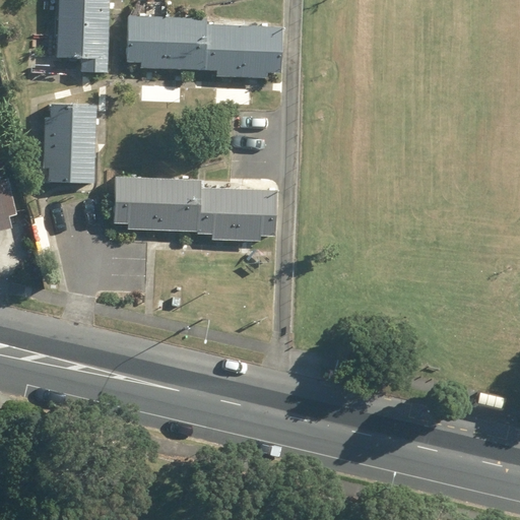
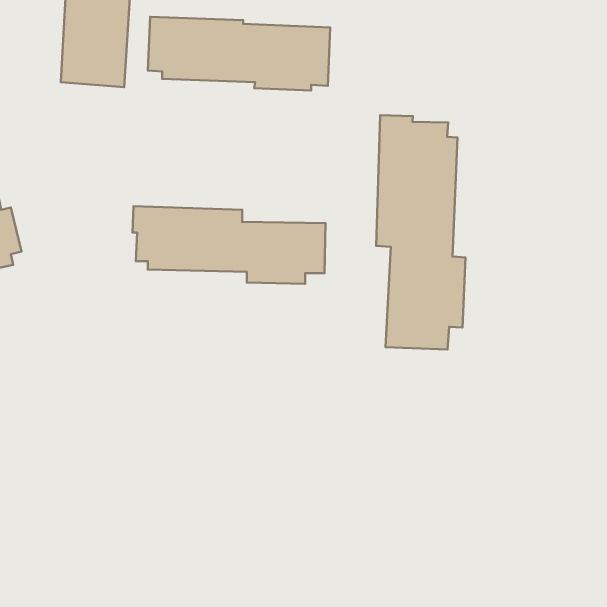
building: [42,98,96,182] -> none
building: none -> [376,115,466,350]

